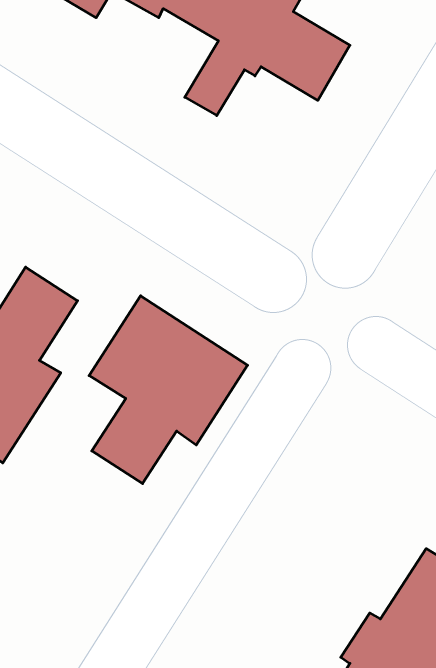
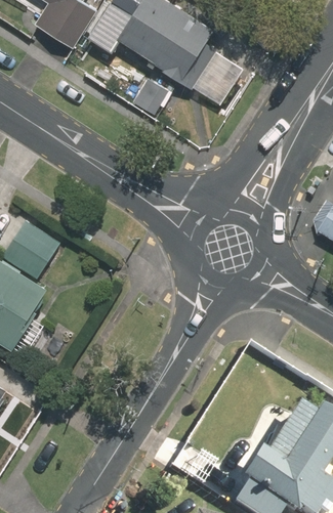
building: [89,296,248,484] -> none

